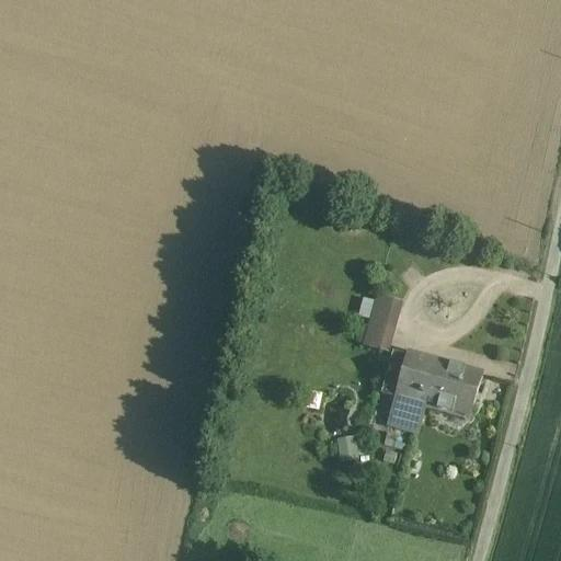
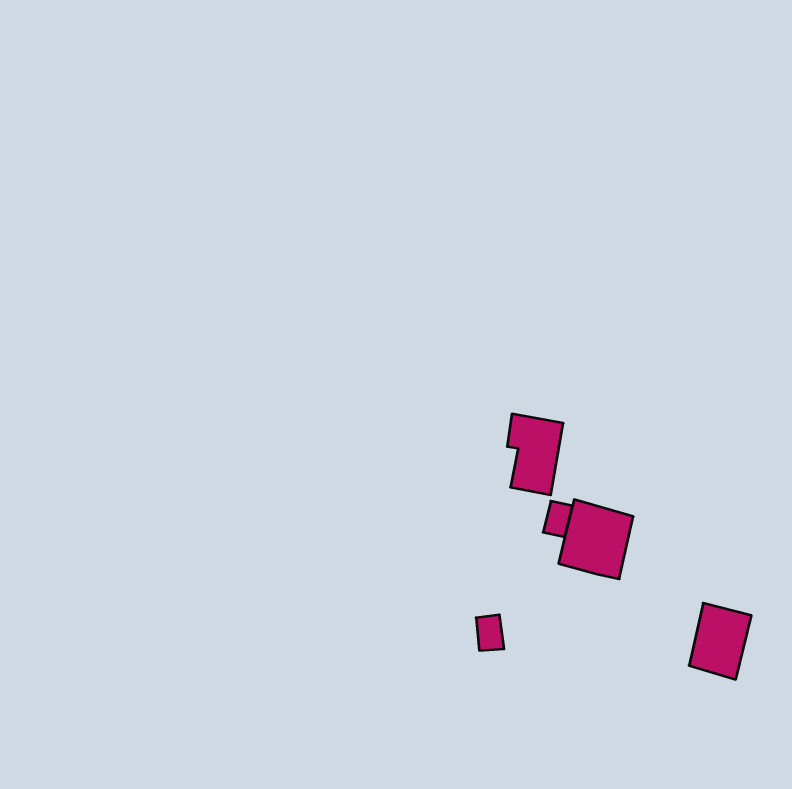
building: [438,364,482,417] -> [689,603,751,679]
building: [389,397,423,430] -> none

